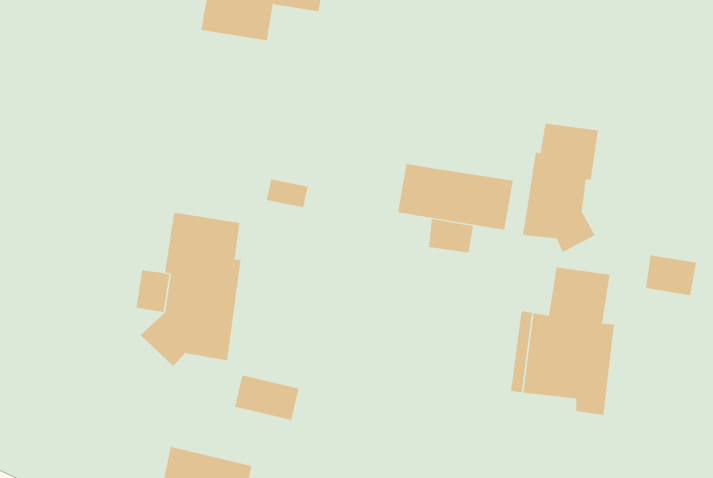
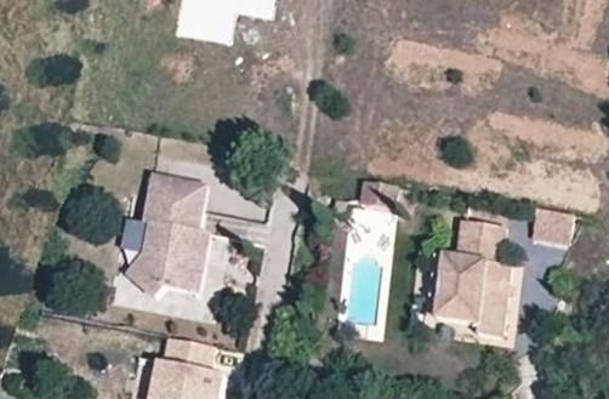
building: [522,123,598,253] -> none
building: [397,163,514,231] -> none
building: [234,375,299,420] -> [154,336,206,372]

